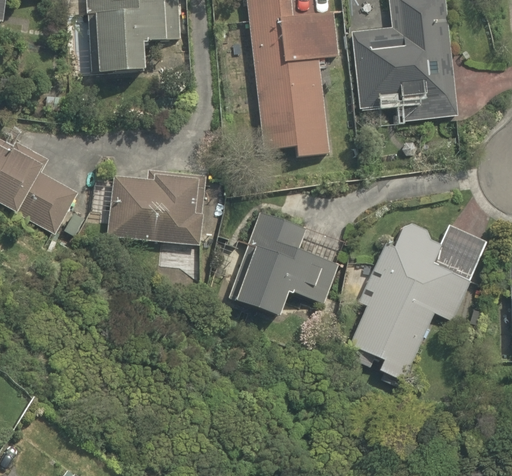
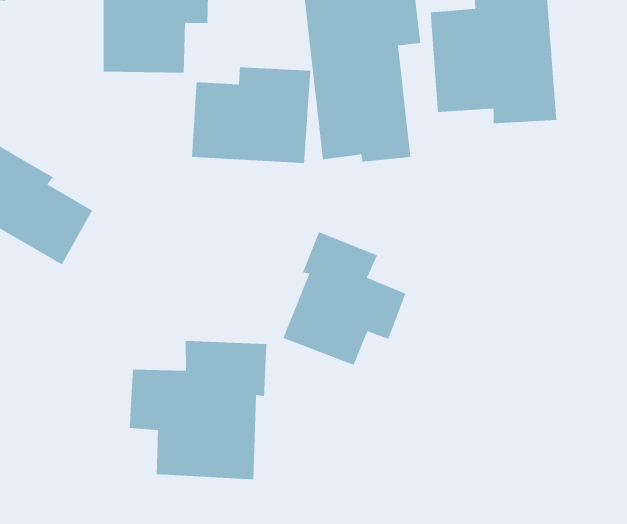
building: [108,169,205,247] -> [191,67,311,163]
building: [345,219,488,382] -> none
building: none -> [129,340,267,480]

